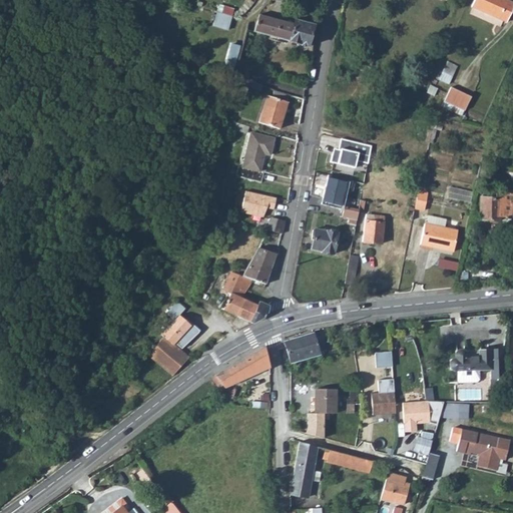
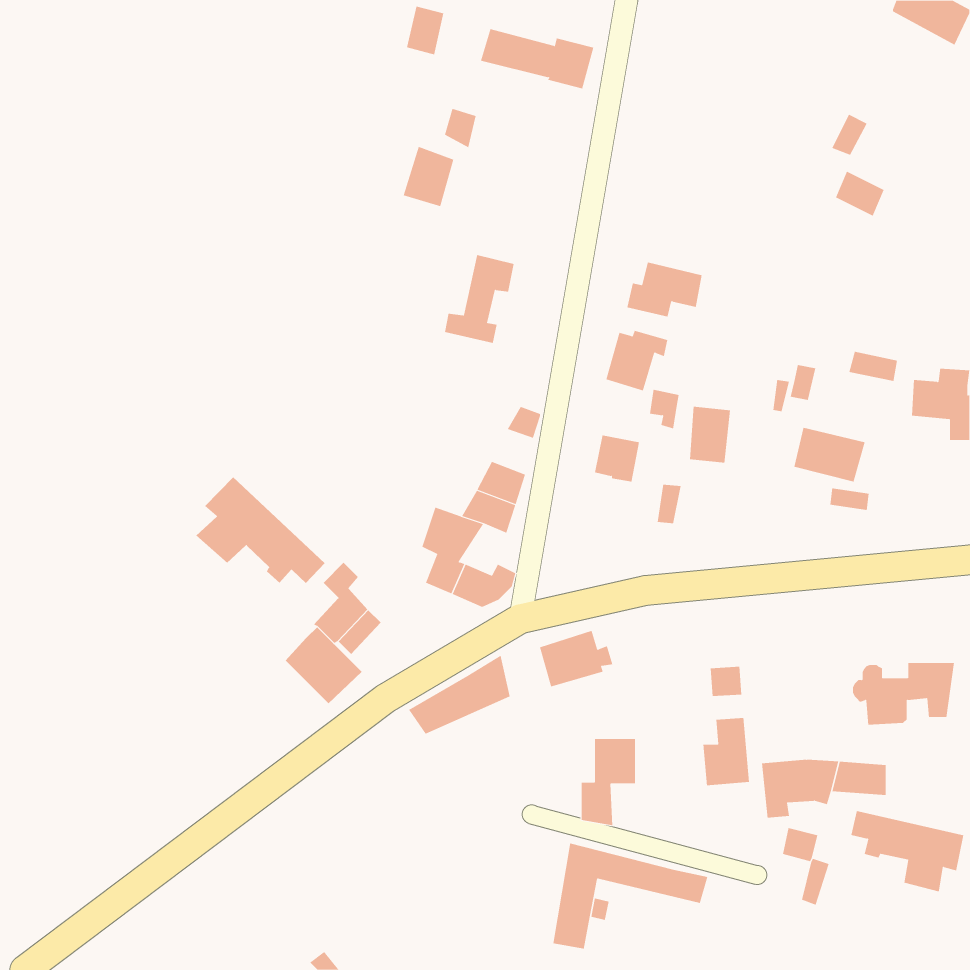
building: [260,96,287,128] -> [403,146,454,207]
building: [240,189,275,214] -> none
building: none -> [195,476,325,584]
building: [383,475,411,505] -> none

